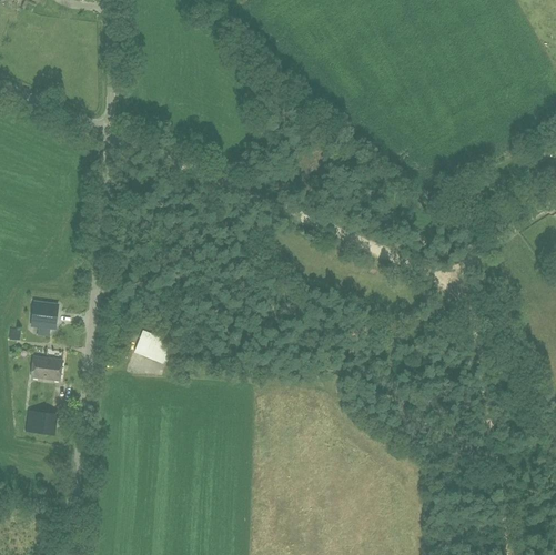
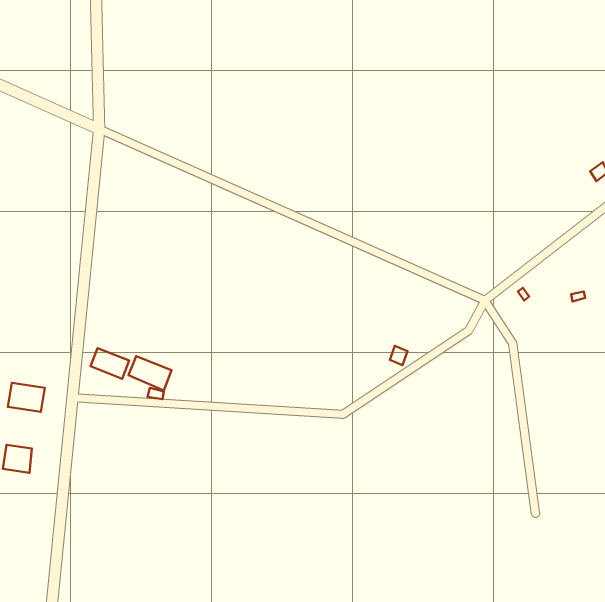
building: [31,301,58,326] -> none
building: none -> [90,348,129,379]

